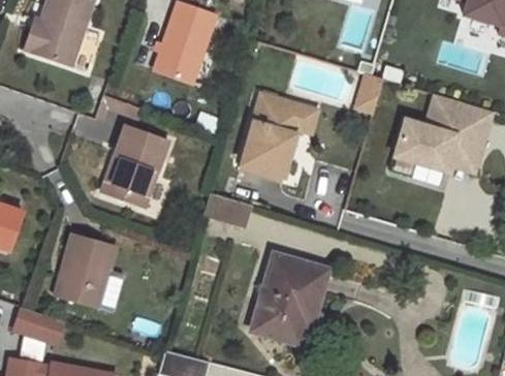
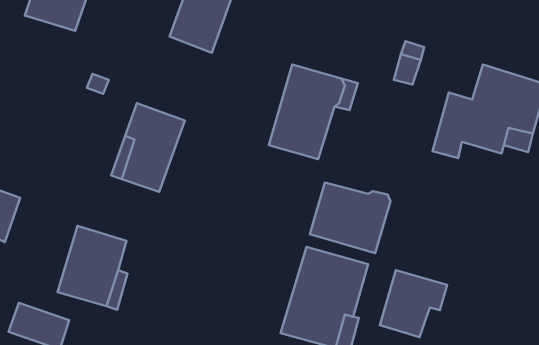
building: [204,193,250,226] -> none
building: none -> [310,182,390,253]
building: none -> [380,270,447,337]

